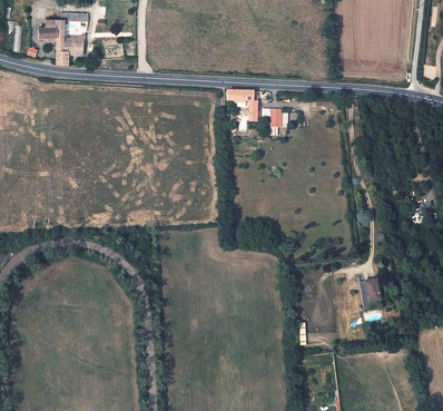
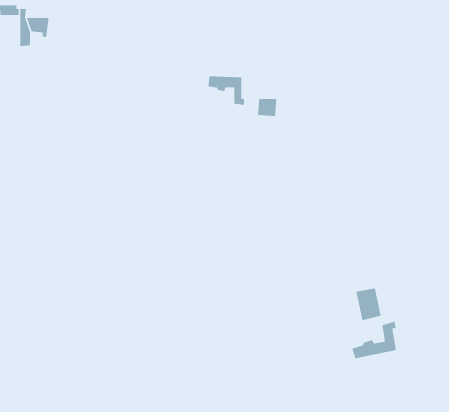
building: none -> [351,321,397,359]

